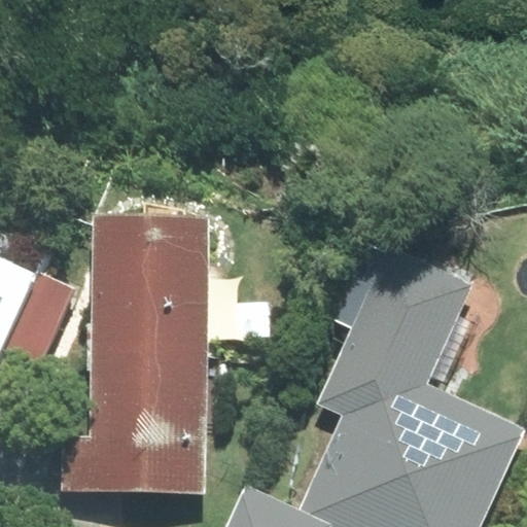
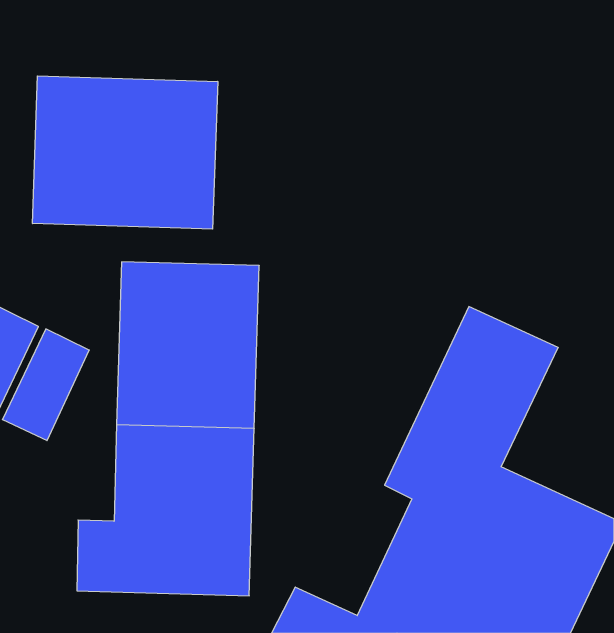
building: none -> [33,76,218,229]

